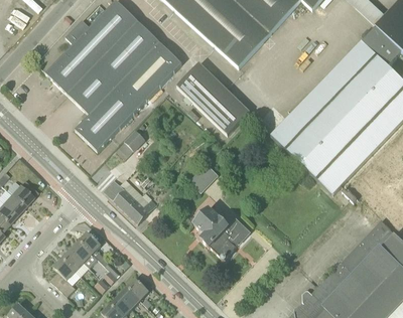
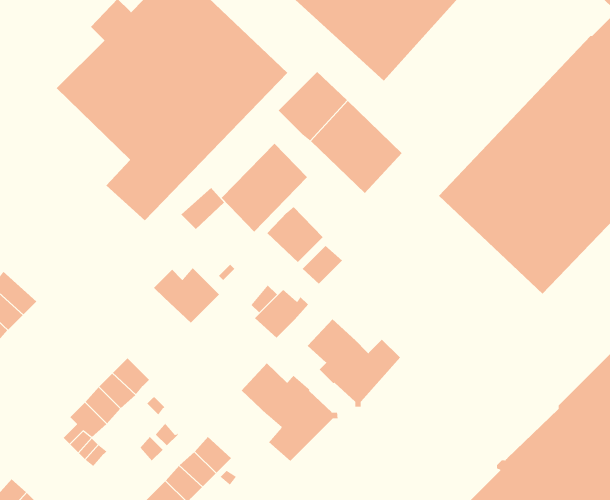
building: none -> [221,143,308,232]
building: none -> [267,206,324,263]
building: [125,194,157,223] -> [254,289,309,339]
building: none -> [241,363,338,462]

